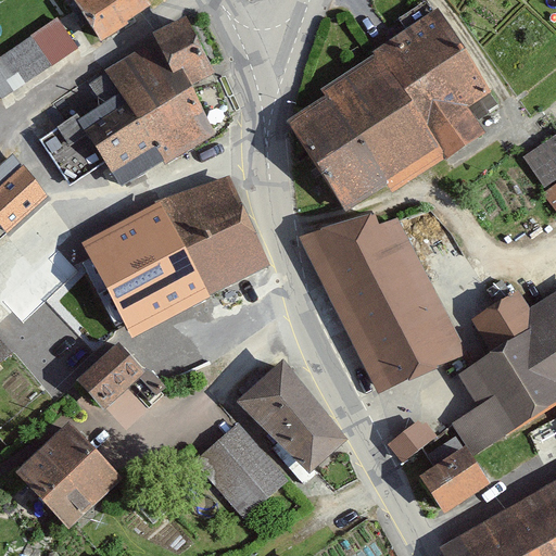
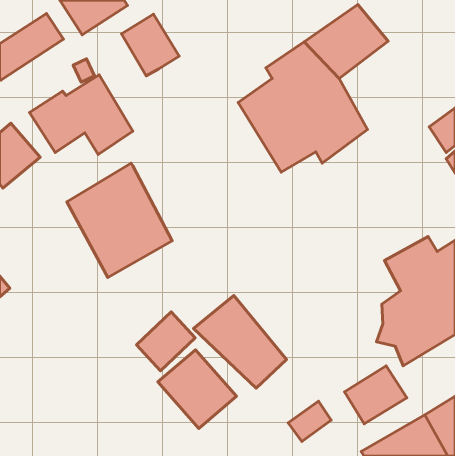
building: [106,41,215,165] -> none
building: [413,50,494,157] -> none
building: [162,172,270,293] -> none
building: [299,192,466,392] -> none
building: [77,339,149,410] -> [136,312,195,371]
building: [384,416,437,465] -> [288,401,331,441]
building: [14,420,124,530] -> none

